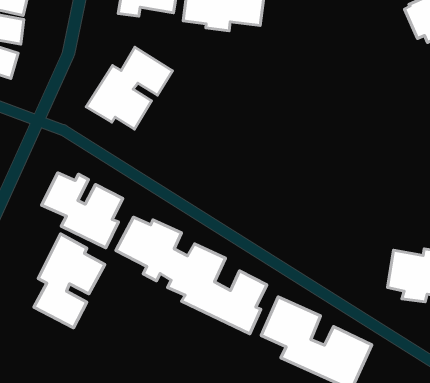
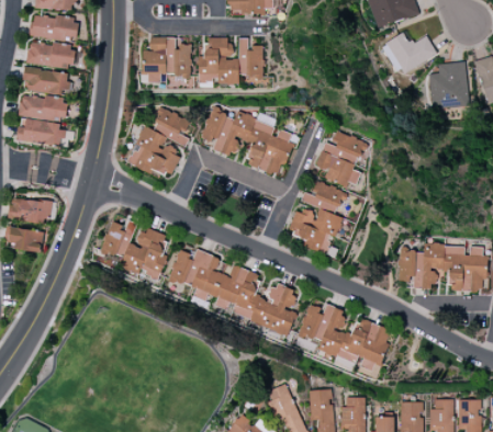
building: none -> [200,107,294,175]
building: none -> [315,132,366,189]
building: none -> [288,181,346,254]
building: [34,234,105,328] -> none

